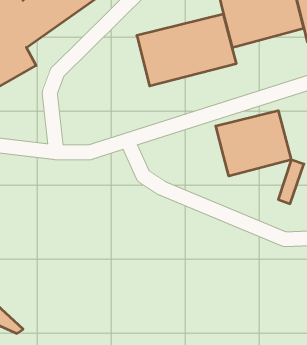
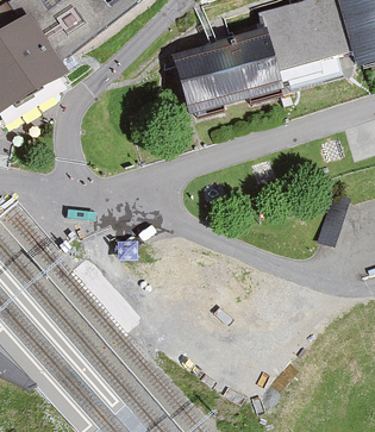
building: [216,111,291,176] -> none

